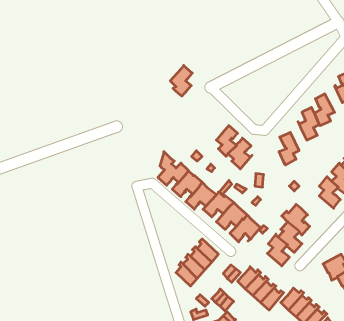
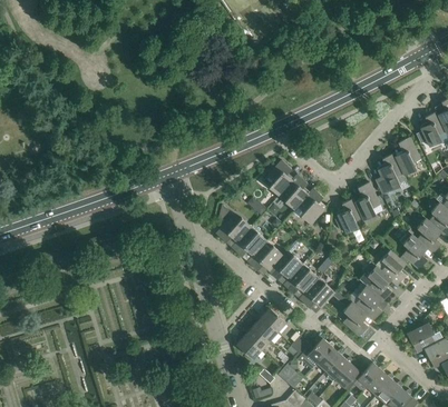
building: [170,65,192,96] -> [265,159,291,195]
building: none -> [337,198,362,232]
building: none -> [381,249,406,285]

